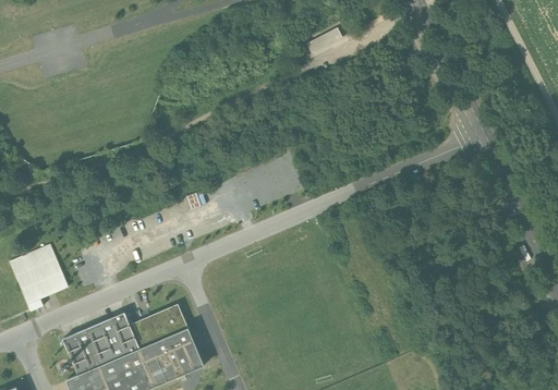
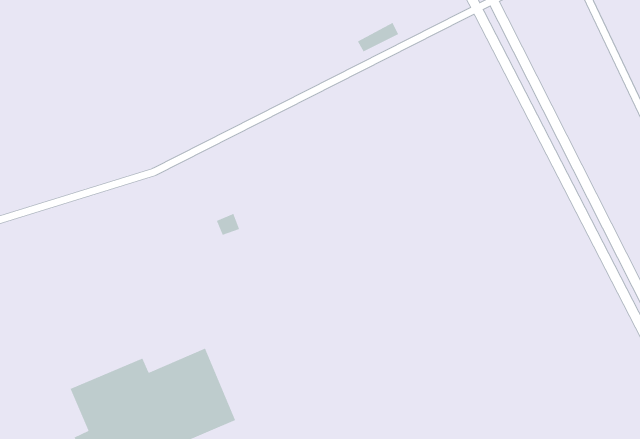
building: [9,244,69,312] -> none

